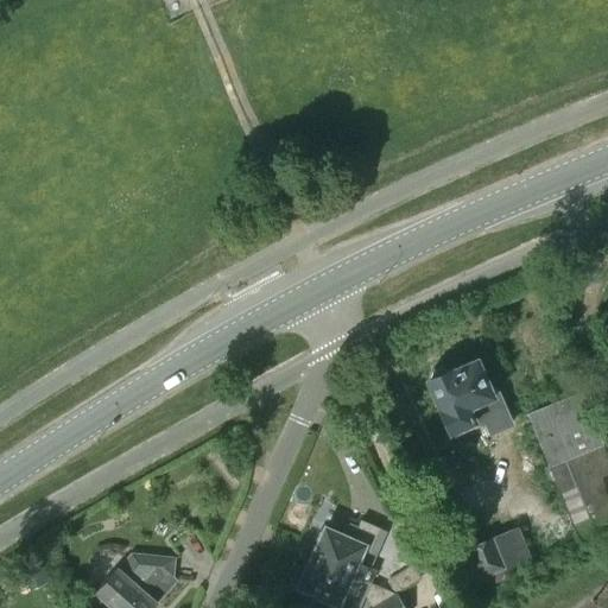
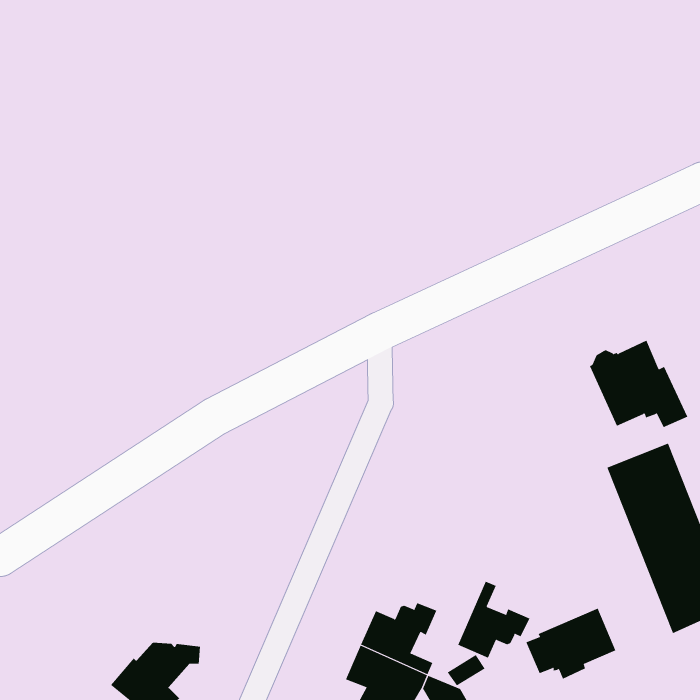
building: [429,360,514,436] -> [589,340,688,428]
building: none -> [458,581,530,659]

